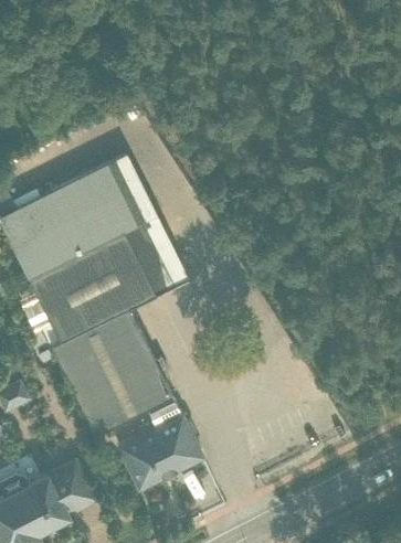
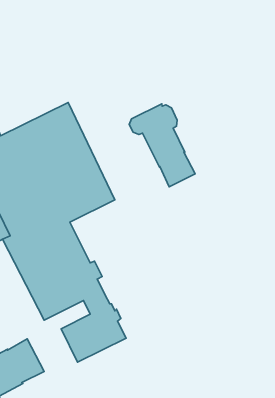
building: none -> [129,104,195,187]

